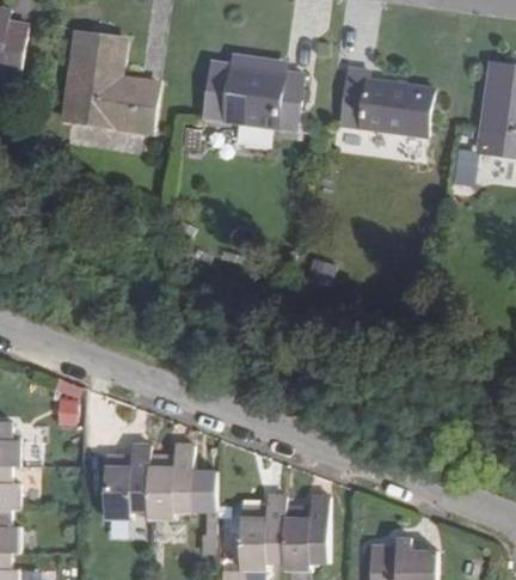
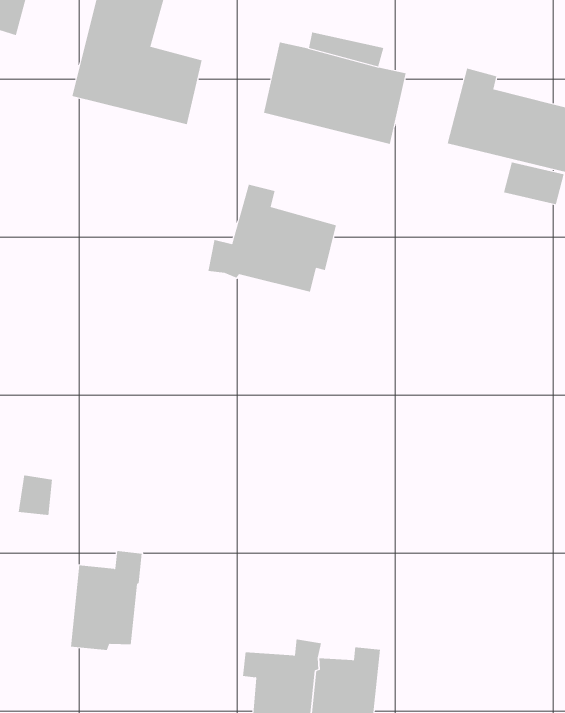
building: none -> [208,184,336,293]
building: [147,444,217,518] -> none

